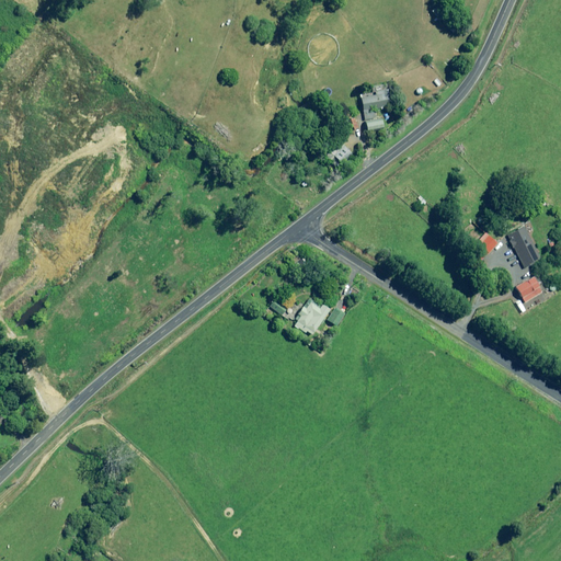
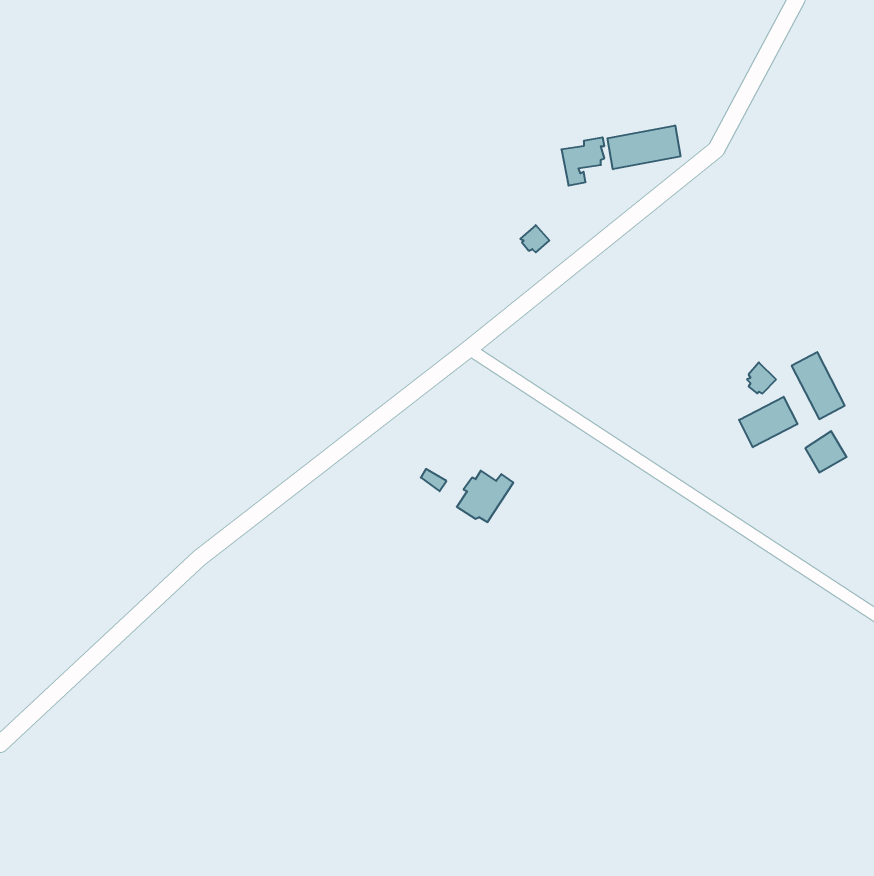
building: none -> [607,125,680,169]
building: none -> [739,397,797,447]

